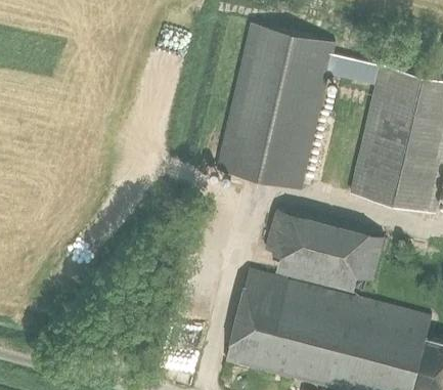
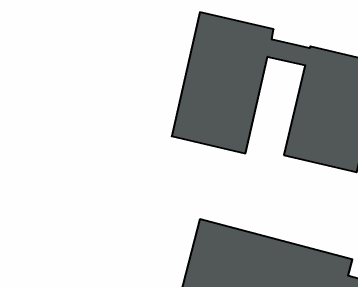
building: [265,209,386,294] -> none

